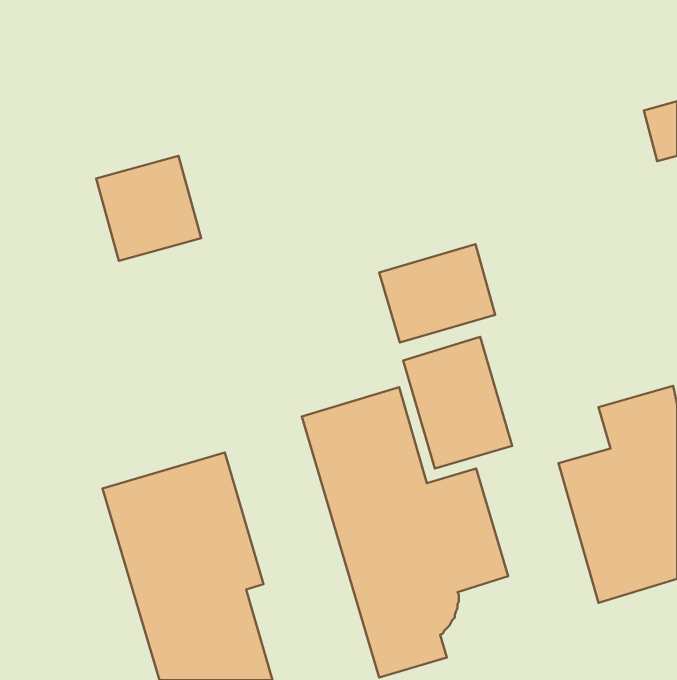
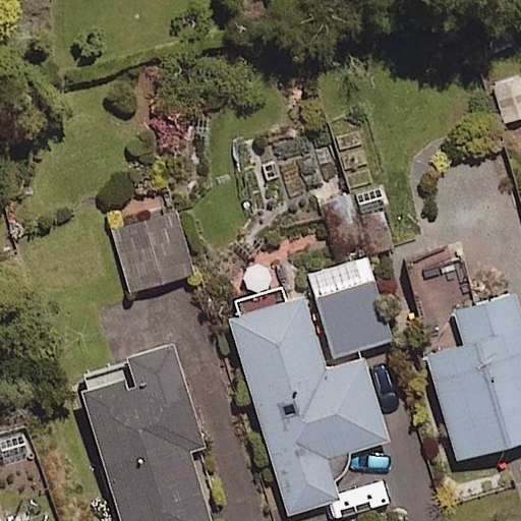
building: [96,156,201,261] -> [112,211,192,291]
building: [379,244,495,342] -> none

